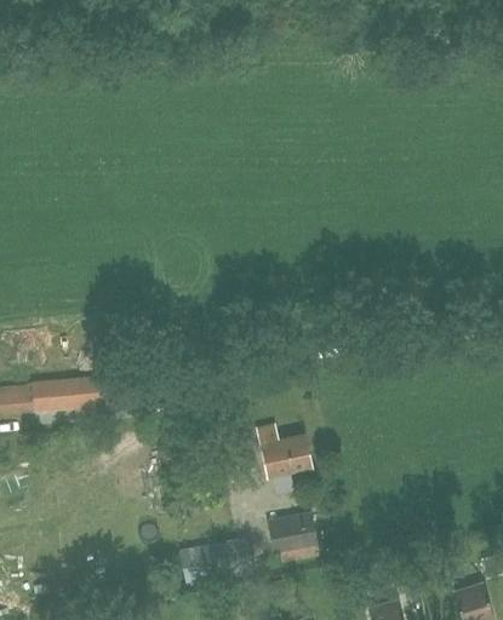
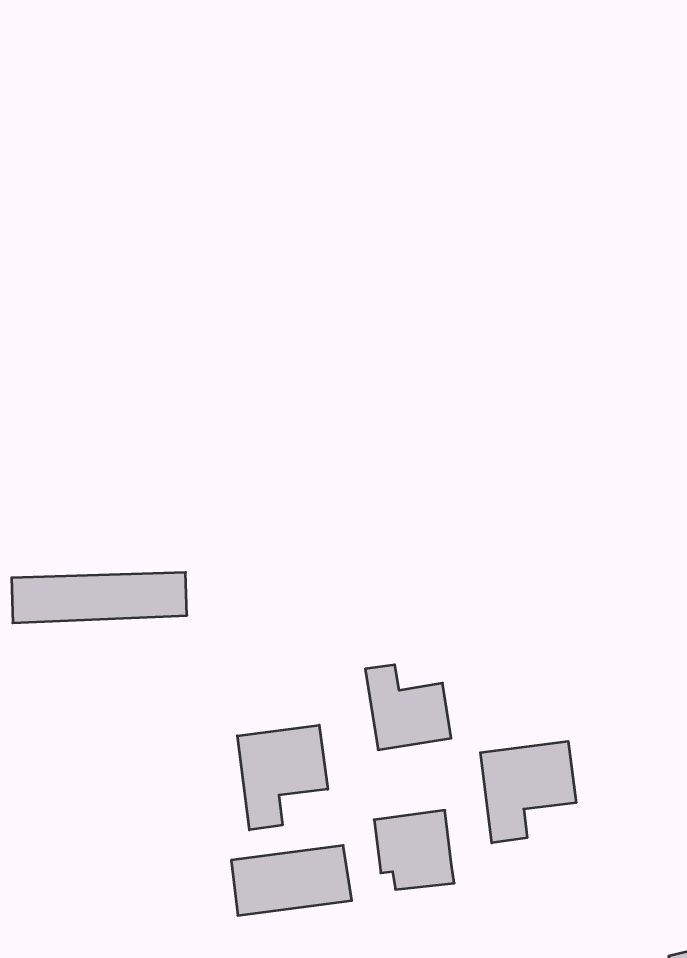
building: none -> [237,725,328,830]
building: none -> [480,741,576,843]

